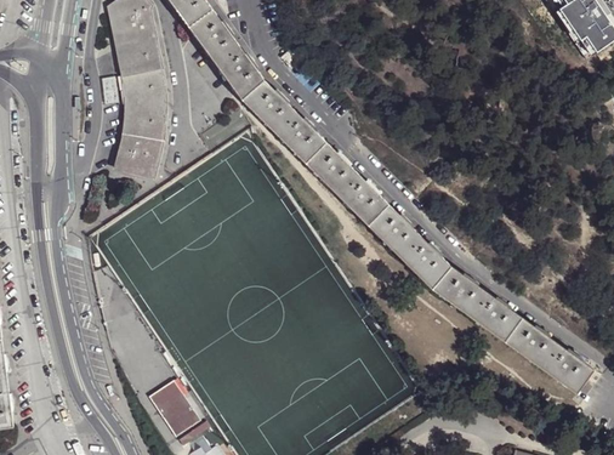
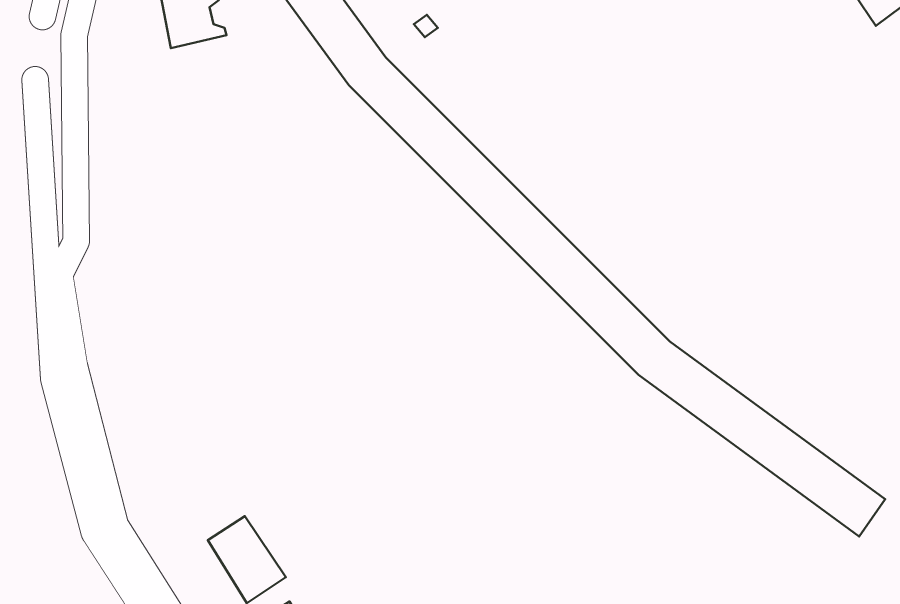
building: [116,66,164,178] -> none

